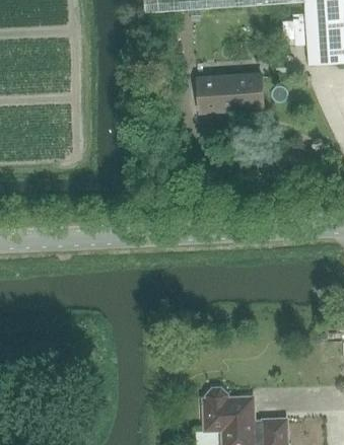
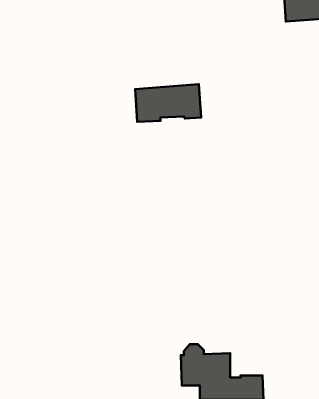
building: [197,73,263,110] -> [135,84,201,122]

